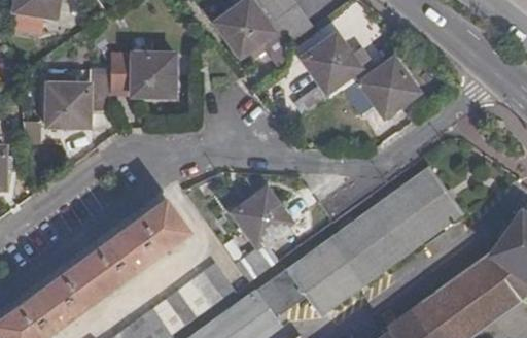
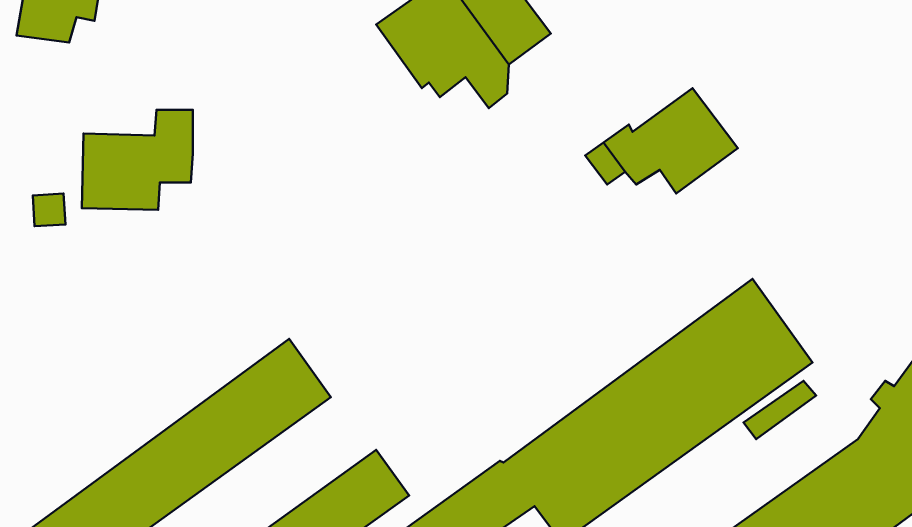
building: [294,33,371,115] -> none
building: [111,36,176,96] -> none
building: [232,188,291,280] -> none

